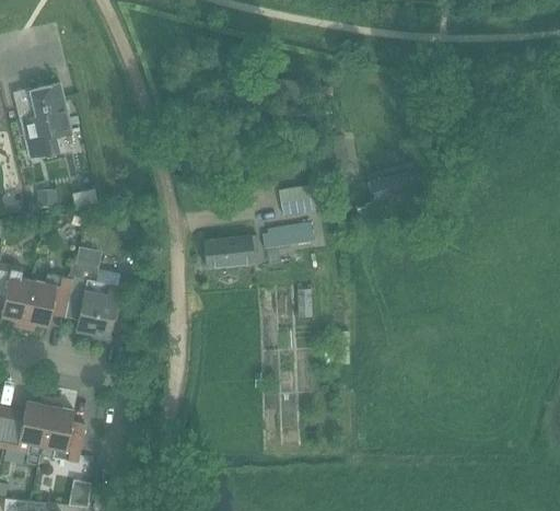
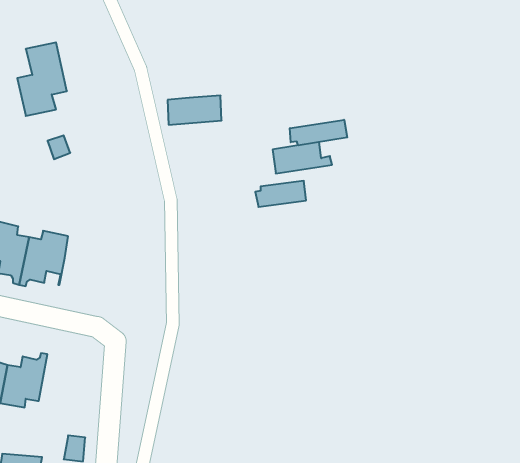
building: none -> [290,120,347,145]
building: [203,236,258,266] -> [168,96,222,125]
building: [69,265,120,338] -> none
building: [40,398,85,462] -> none

